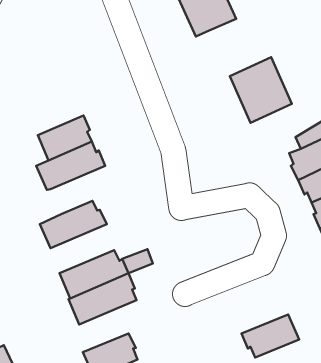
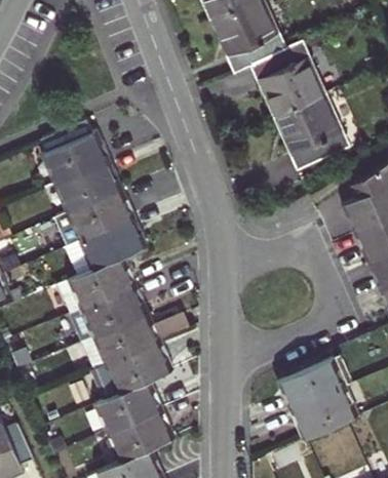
building: none -> [253,43,323,116]
building: none -> [43,120,109,184]
building: none -> [71,218,143,274]
building: none -> [66,285,144,344]
building: none -> [280,355,352,410]
building: none -> [95,383,160,432]

